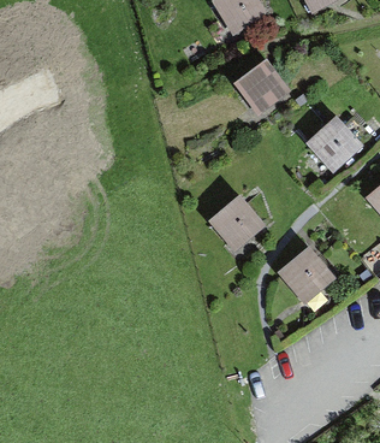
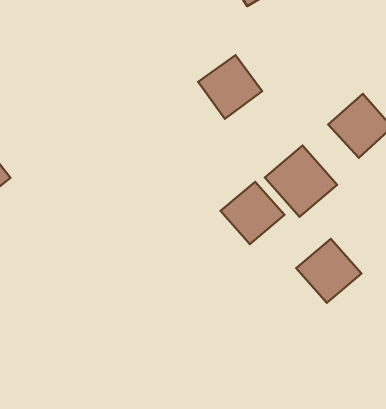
building: [233,58,291,116] -> [198,55,262,119]
building: none -> [265,146,337,217]

